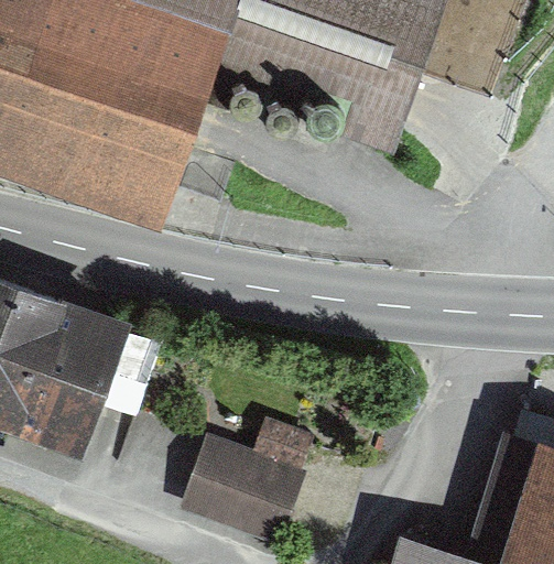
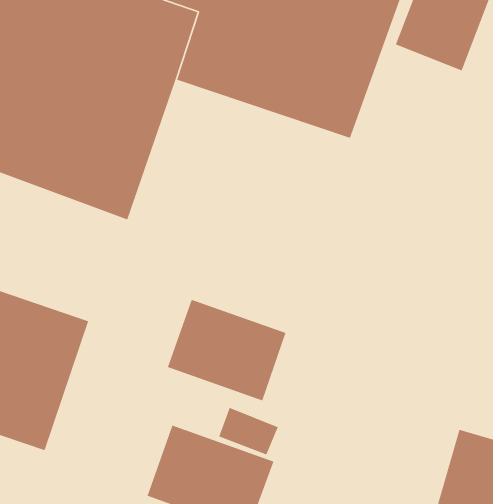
building: none -> [167,299,287,402]

